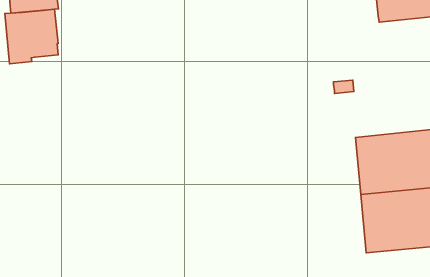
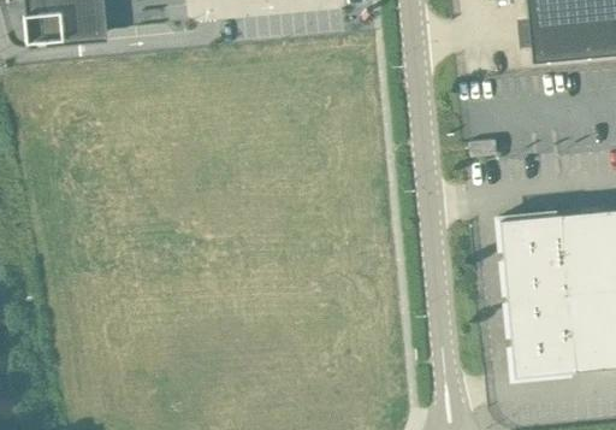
building: [5,9,58,64] -> none

